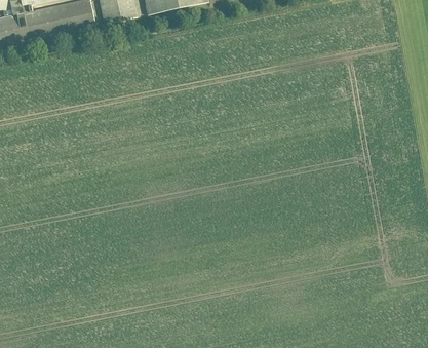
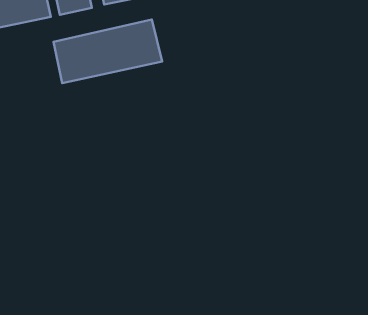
building: none -> [54,19,162,83]

